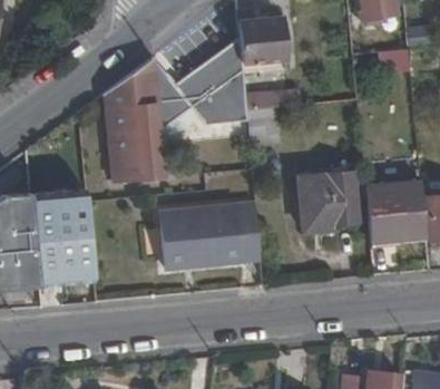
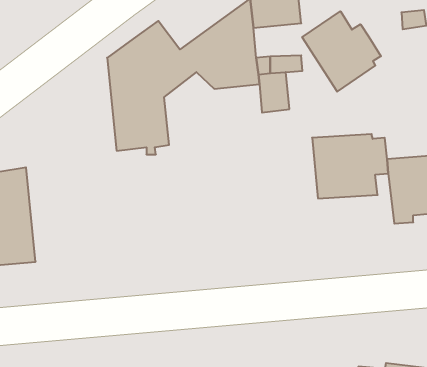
building: none -> [302,11,381,92]
building: [30,191,95,284] -> none
building: [163,201,262,264] -> none

